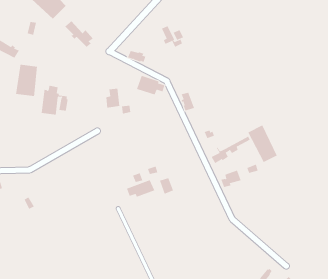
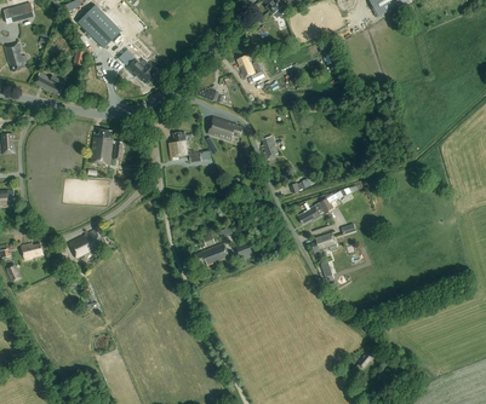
building: [16,64,38,97] -> none
building: [248,125,278,163] -> none
building: none -> [68,229,103,259]

